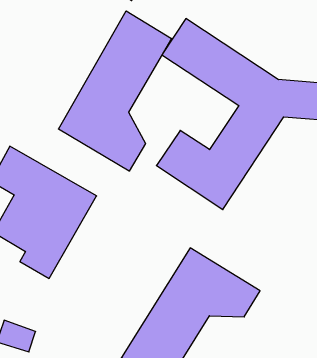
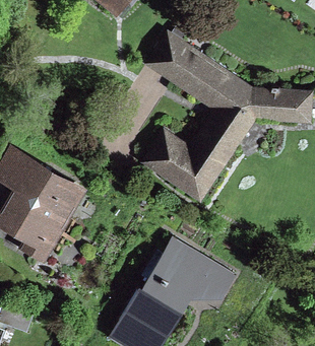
building: [58,11,171,171] -> none

